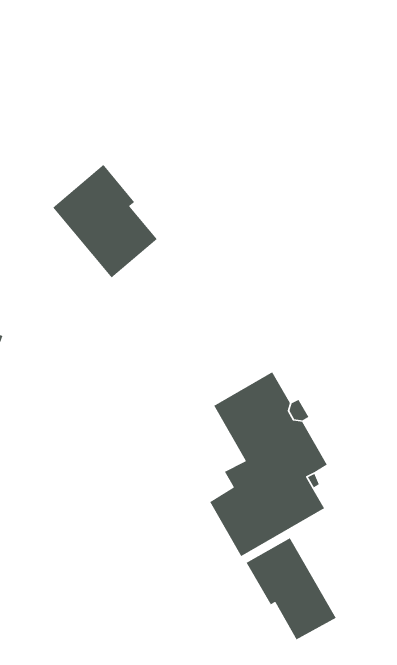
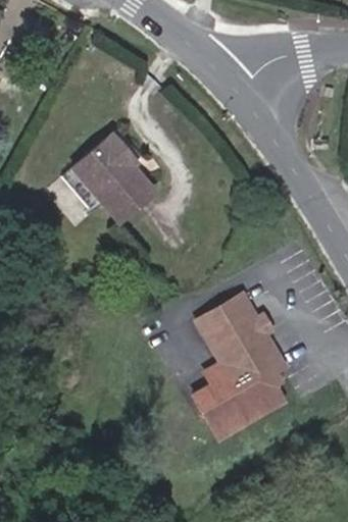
building: [245,537,337,640] -> none

